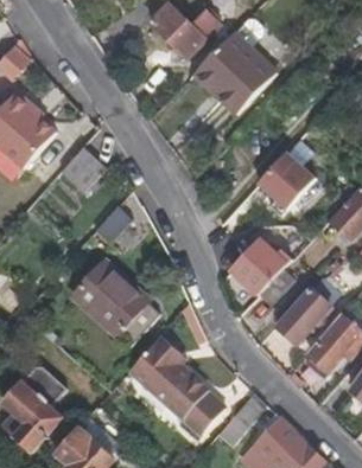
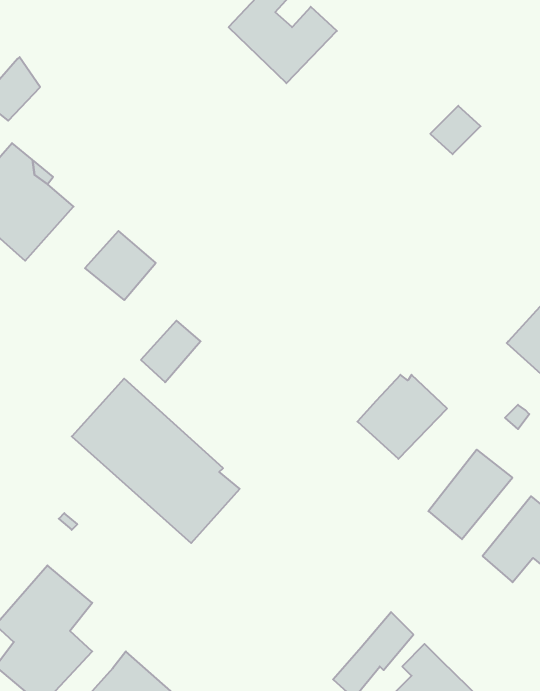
building: [192,19,274,114] -> none
building: [256,153,315,217] -> none
building: [127,334,223,436] -> none

